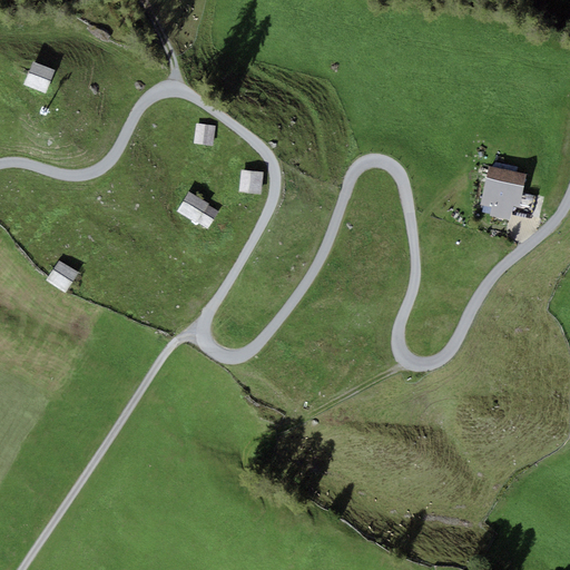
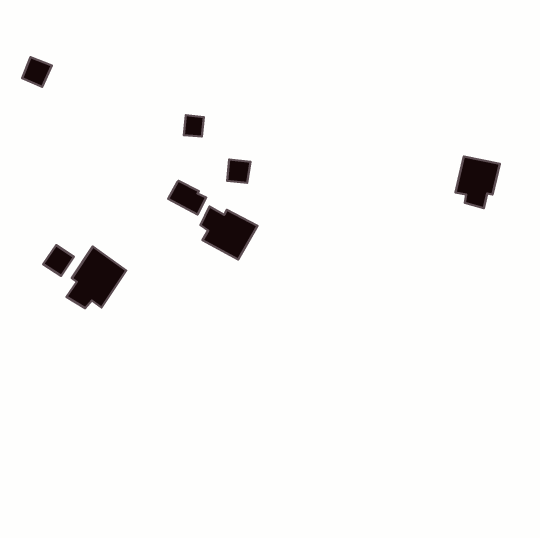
building: none -> [201,207,257,259]
building: none -> [66,247,126,308]

